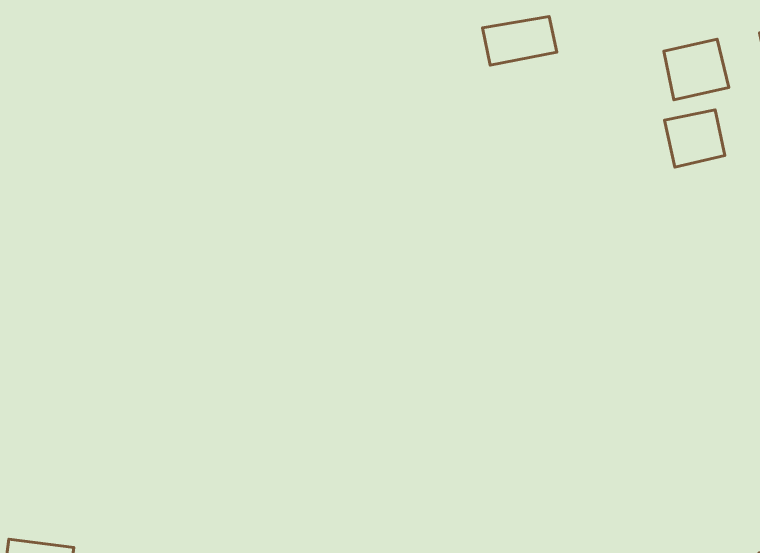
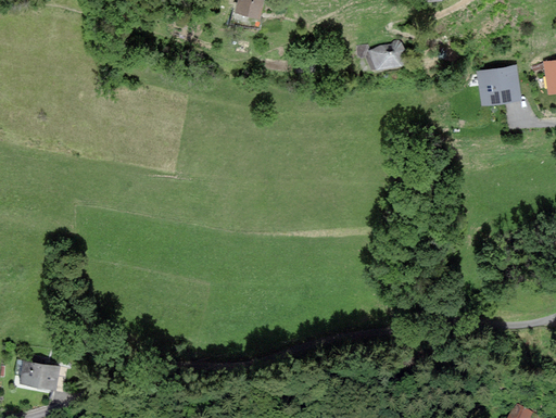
building: [665,110,725,167] -> none

